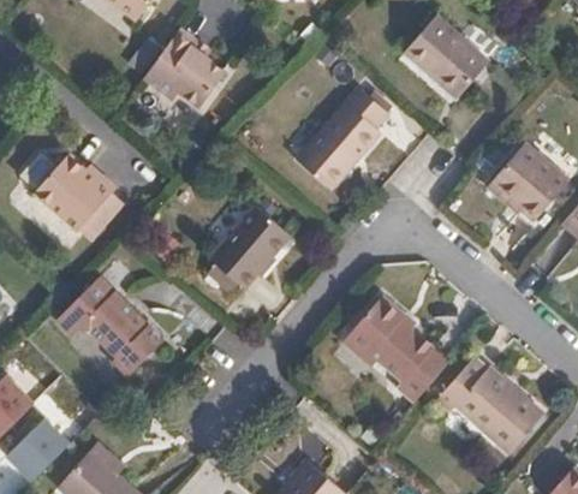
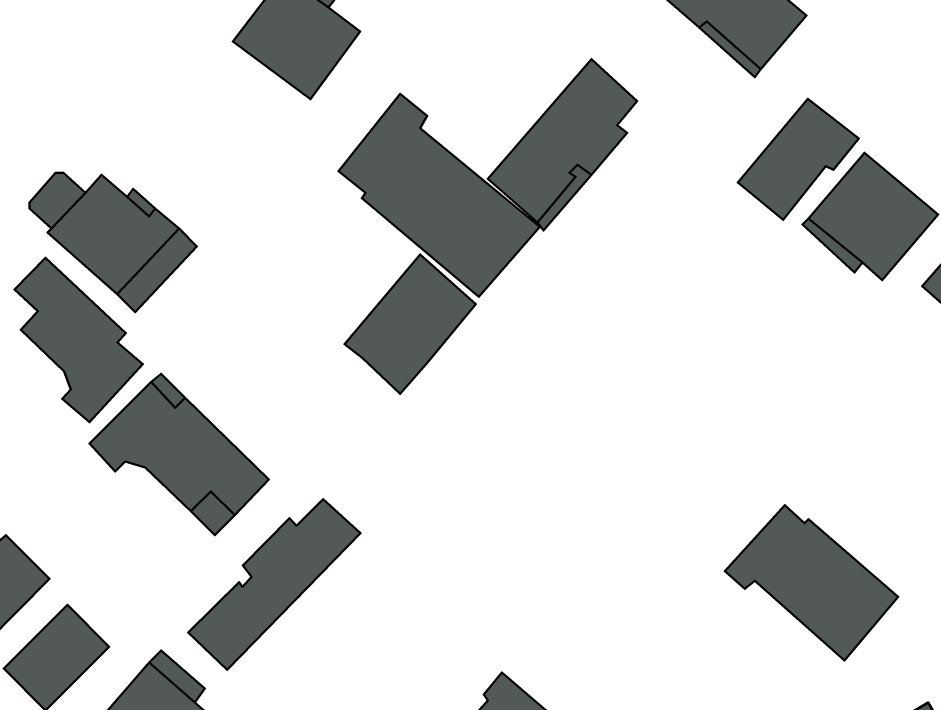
building: none -> [339,94,540,297]
building: none -> [738,99,859,220]
building: none -> [14,258,143,422]
building: [350,297,448,404] -> none
building: none -> [188,499,361,670]

